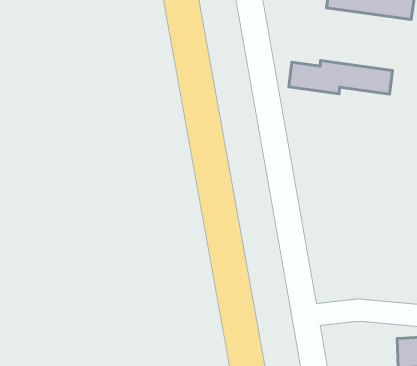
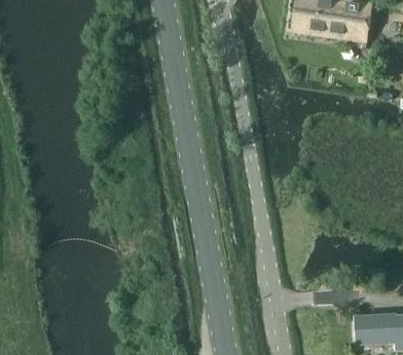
building: [289,60,393,94] -> none

